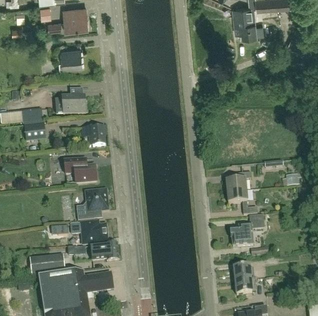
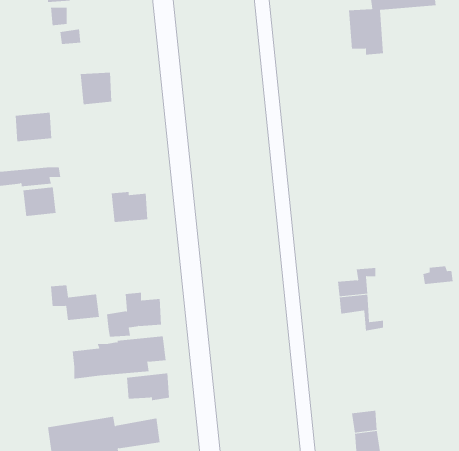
building: [62,9,87,31] -> none
building: [61,96,85,115] -> [15,112,52,142]
building: [64,160,96,183] -> [50,285,100,320]
building: [230,217,264,248] -> none
building: [29,255,64,277] -> none

